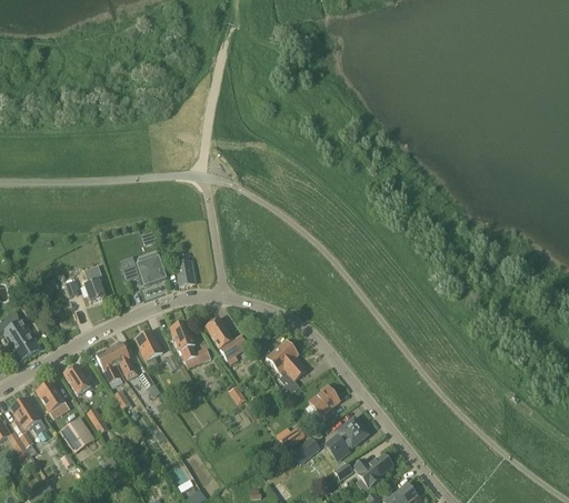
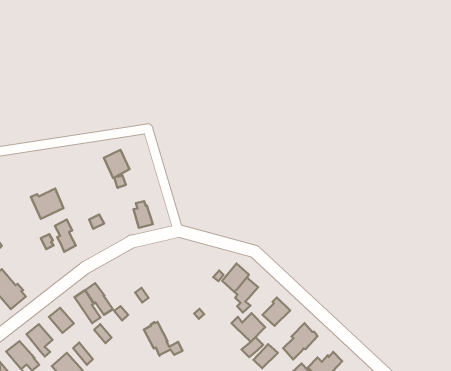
building: none -> [31,189,63,219]
building: [138,250,166,281] -> [104,150,130,178]
building: [206,316,248,359] -> none
building: [169,321,210,361] -> [144,322,182,356]
building: [136,330,163,360] -> none
building: none -> [232,313,265,342]

